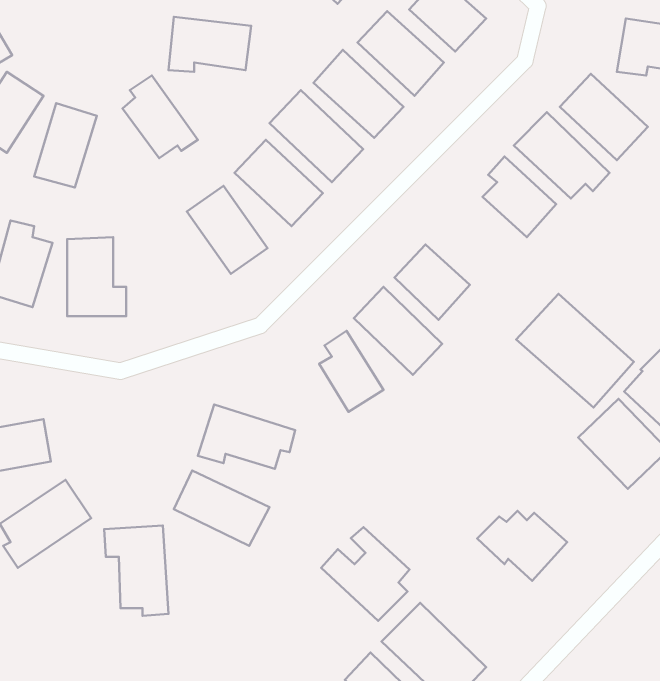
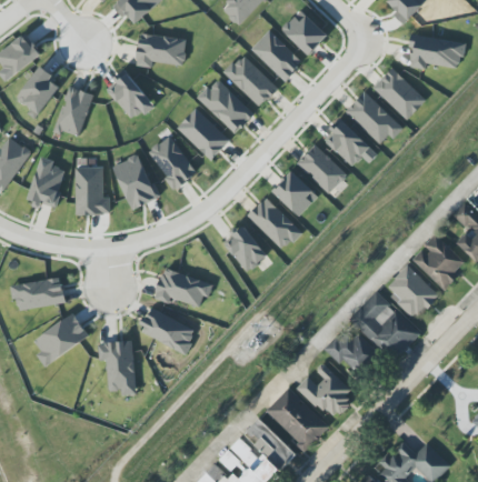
building: none -> [297,144,347,193]
building: none -> [111,153,158,210]
building: [516,294,634,408] -> [349,291,420,360]
building: [321,527,409,621] -> [297,363,350,420]

